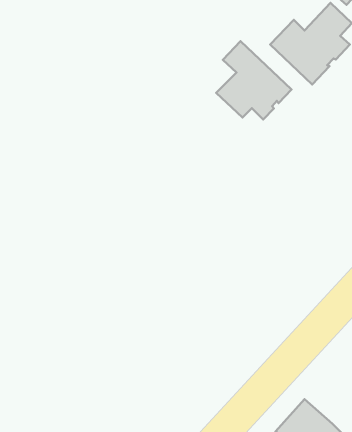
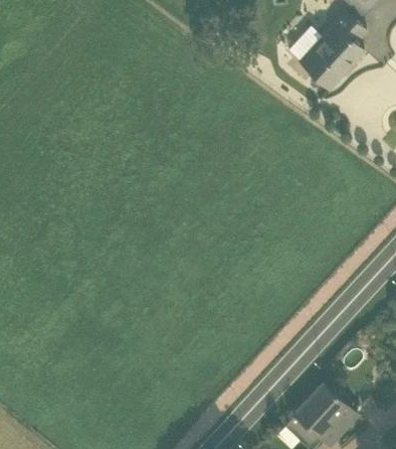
building: [216,41,292,119] -> none

